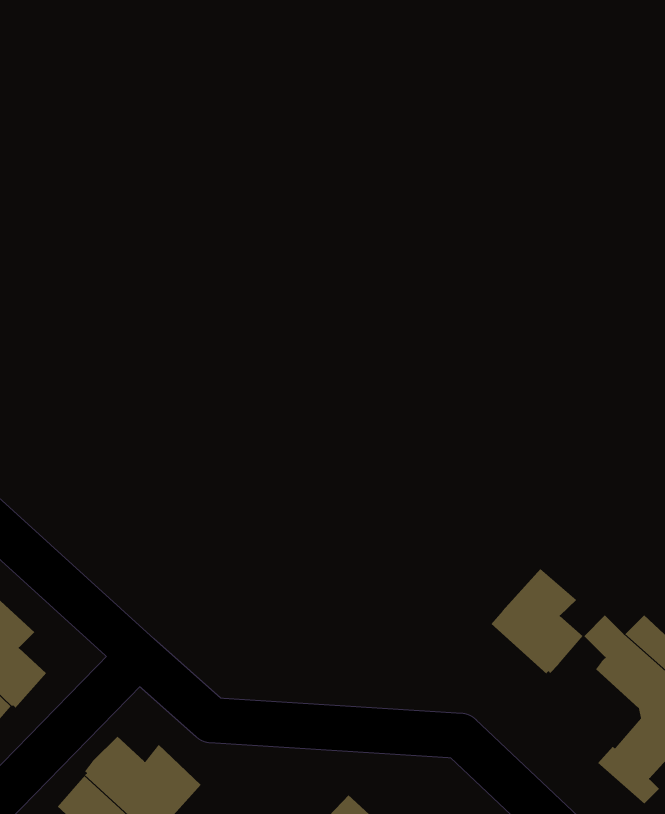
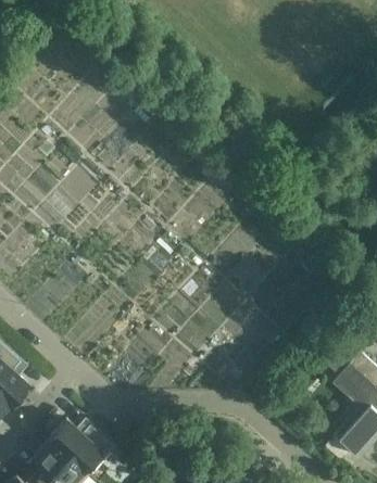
building: [491,568,583,674] -> none

